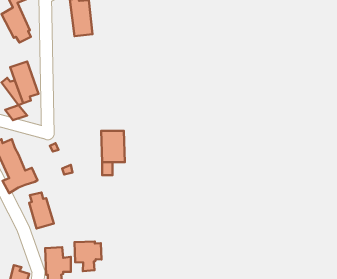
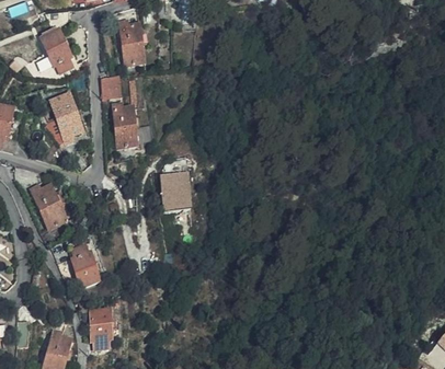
building: none -> [100,77,122,101]
building: none -> [114,104,138,149]
building: [75,241,102,271] -> none

